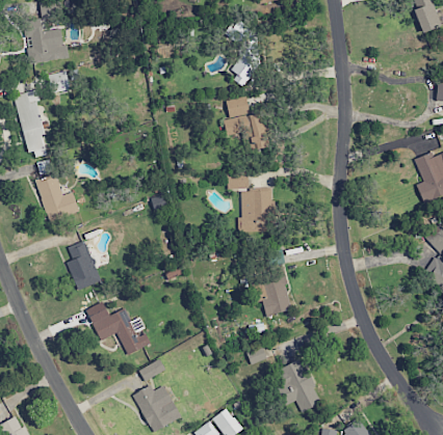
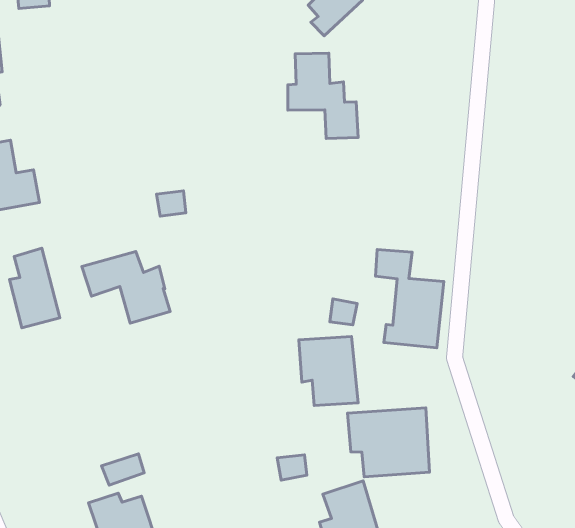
building: [227,171,271,229] -> [376,249,444,348]
building: none -> [348,408,430,477]
building: [93,309,151,354] -> [82,252,170,323]

